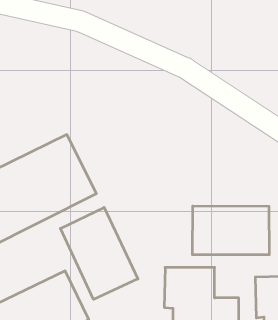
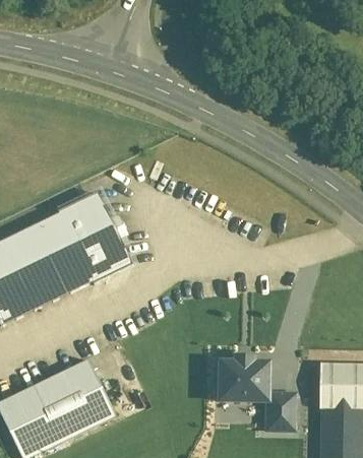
building: [192,206,269,255] -> none
building: [60,207,138,299] -> none

